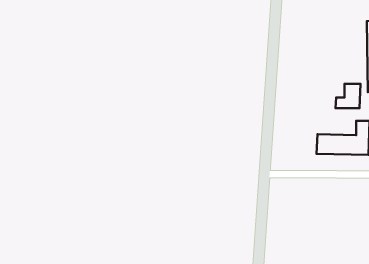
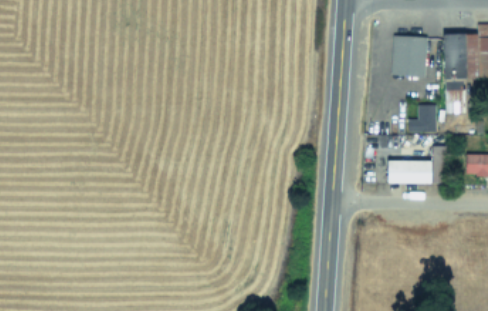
building: none -> [392,36,427,77]

